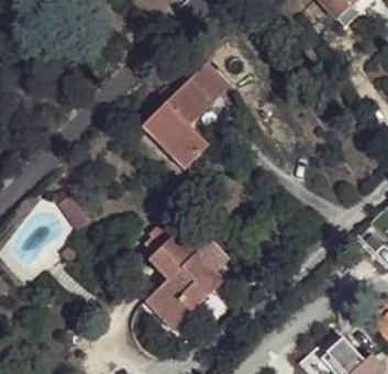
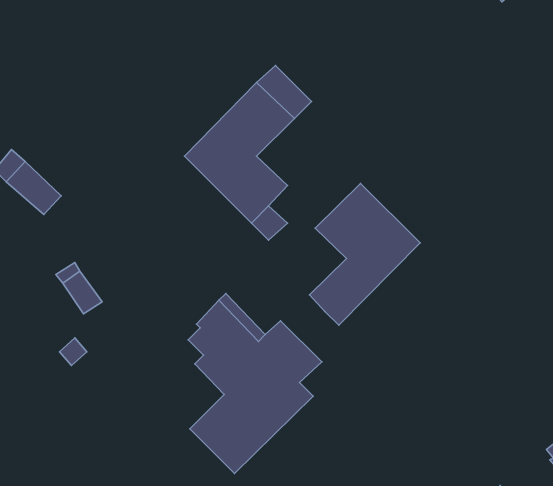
building: none -> [309,183,420,325]

